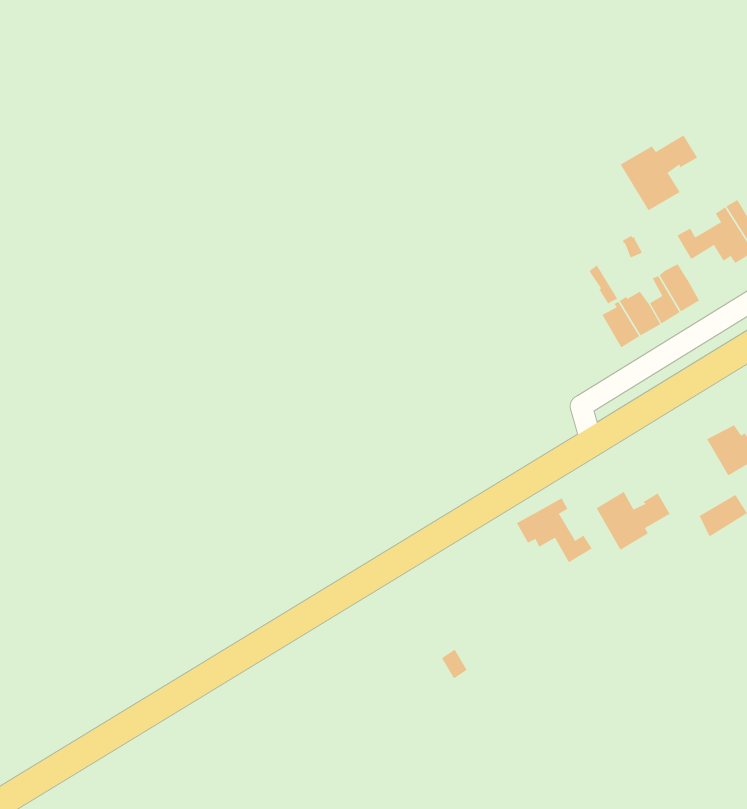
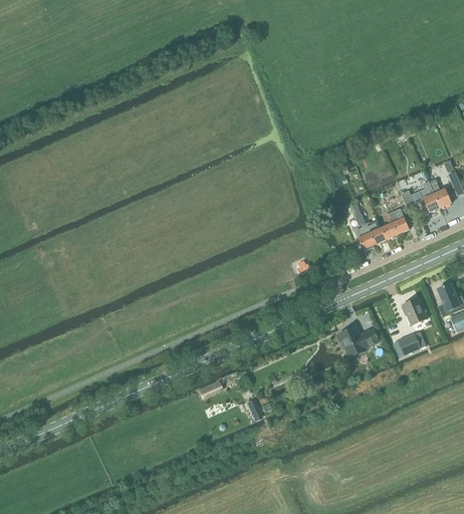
building: [620,134,698,211] -> none
building: [516,497,593,563] -> none

